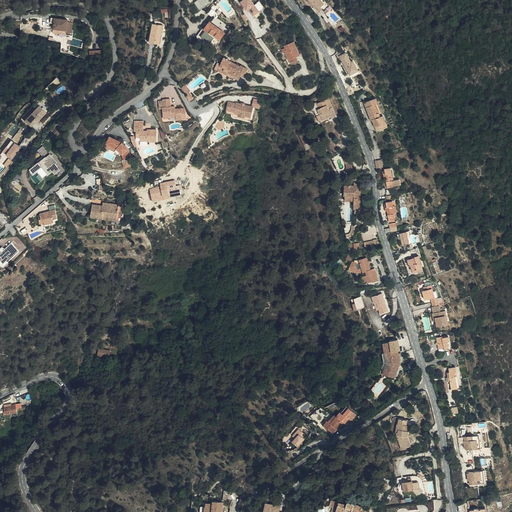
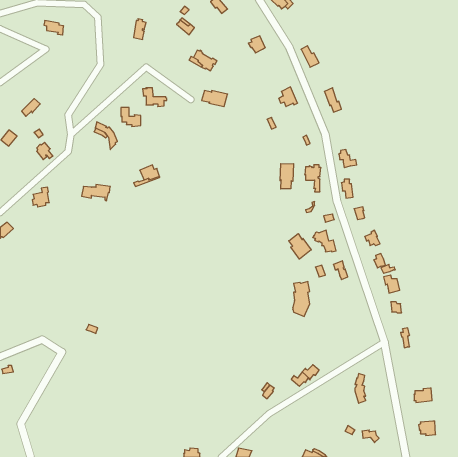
building: none -> [280,164,294,189]
building: none -> [289,234,311,259]
building: [382,339,401,378] -> [293,282,310,316]

